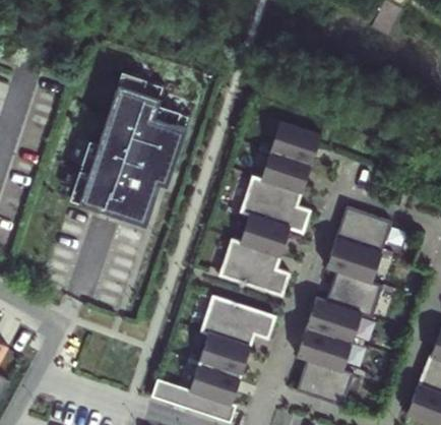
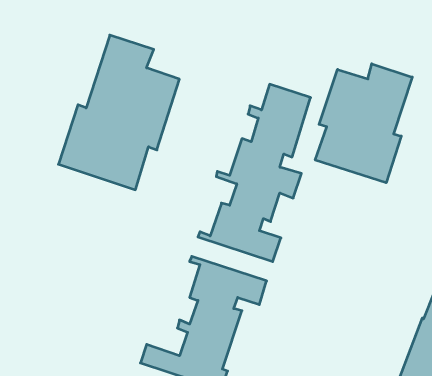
building: none -> [315,64,412,183]
building: [297,206,394,406] -> none

